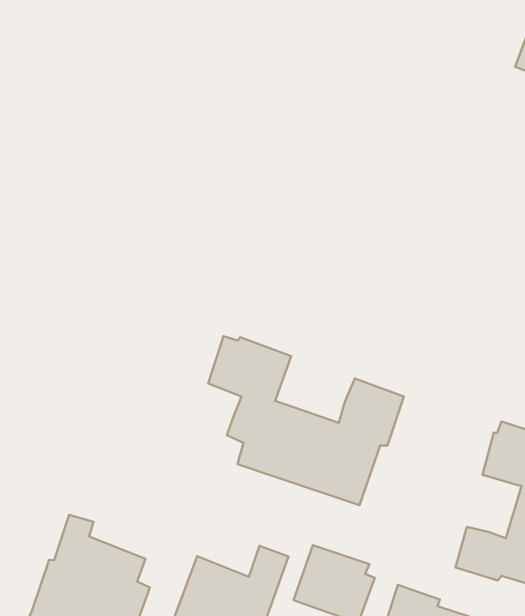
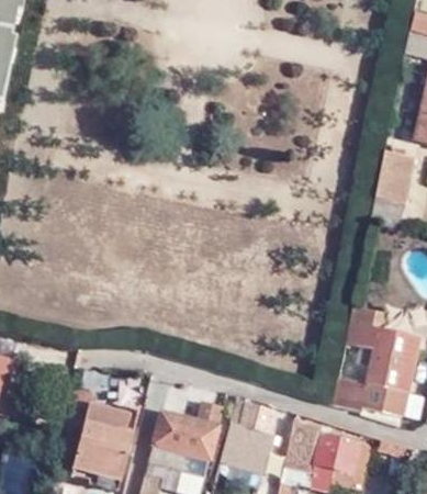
building: [208,336,404,505] -> none

